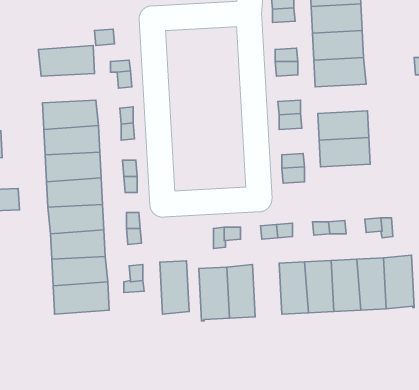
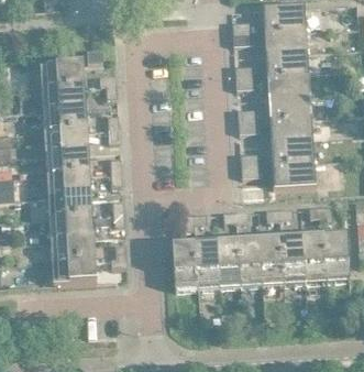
building: none -> [42,84,87,108]
building: none -> [267,92,310,117]
building: none -> [272,158,316,184]
building: [160,261,189,314] -> [216,240,240,284]

